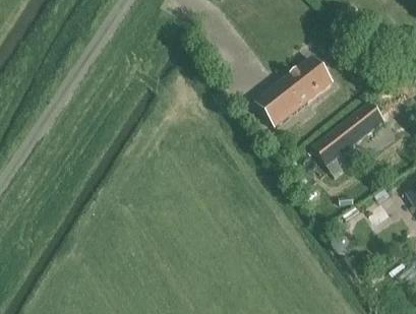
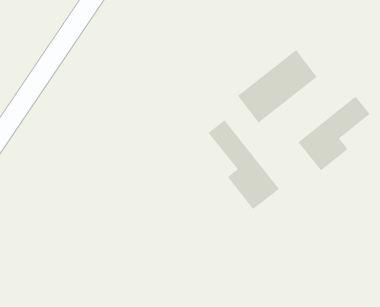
building: none -> [208,119,280,210]

